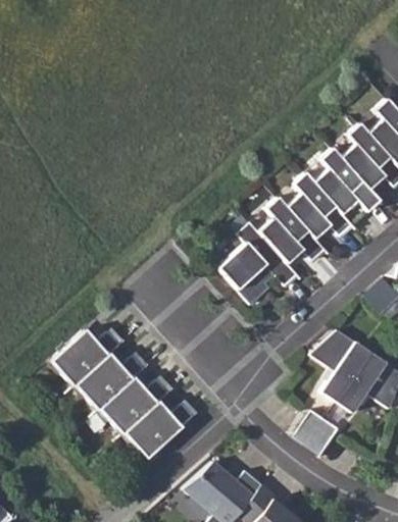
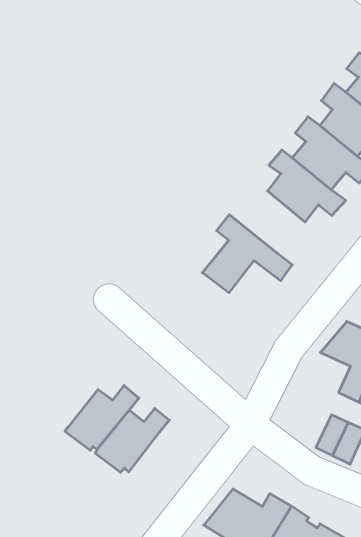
building: [260,196,327,262] -> none
building: [51,329,122,384] -> none
building: [125,401,195,459] -> none

